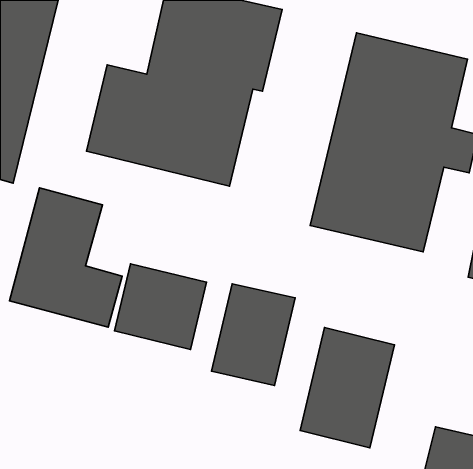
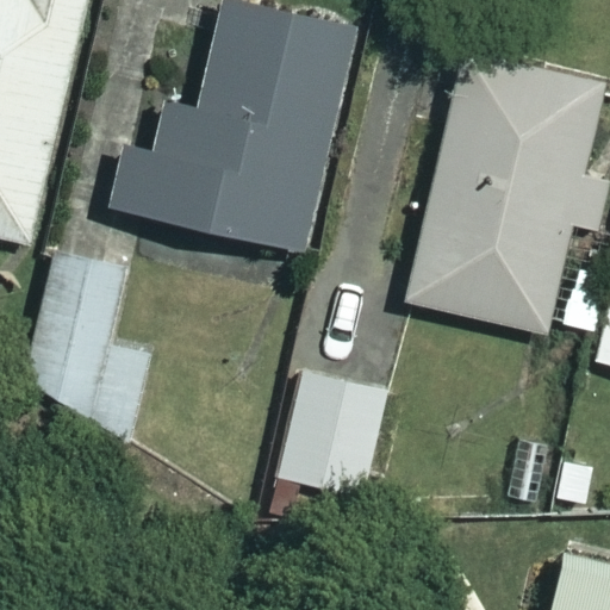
building: [115,264,206,349] -> none
building: [300,327,394,448] -> none

